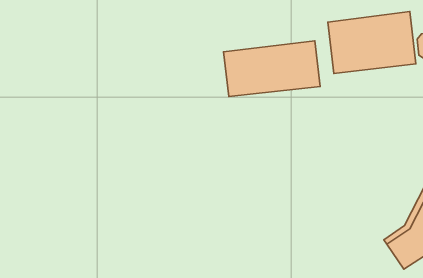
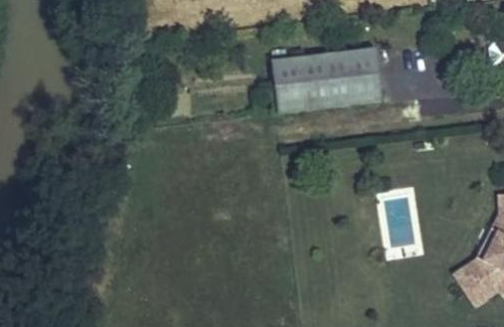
building: [328,12,416,73] -> none

